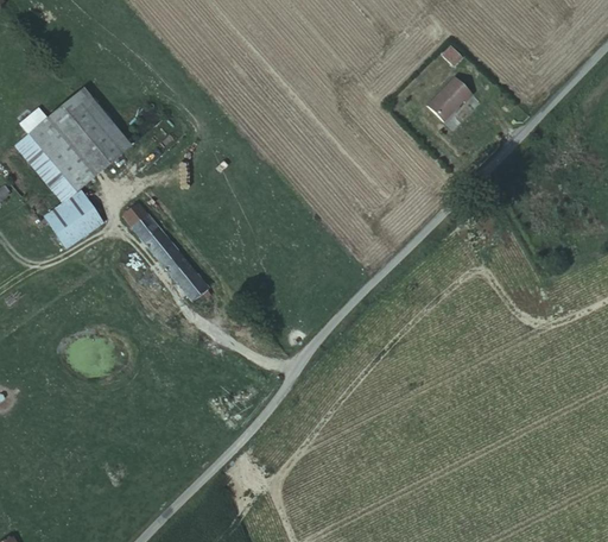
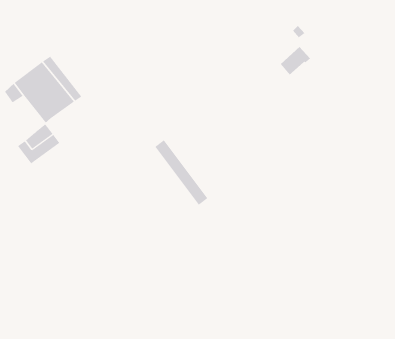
building: [32,150,81,203] -> none
building: [125,202,203,298] -> [154,140,208,205]

